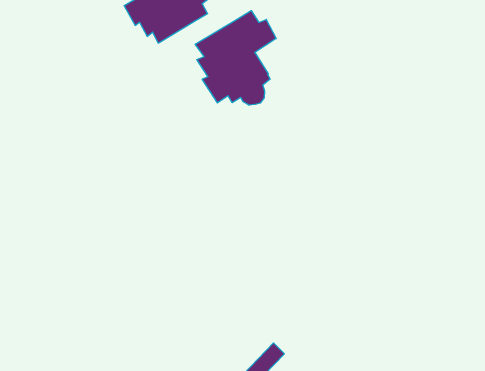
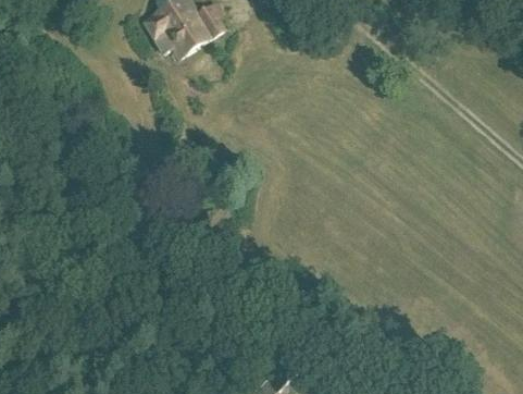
building: [195,11,276,105] -> none

